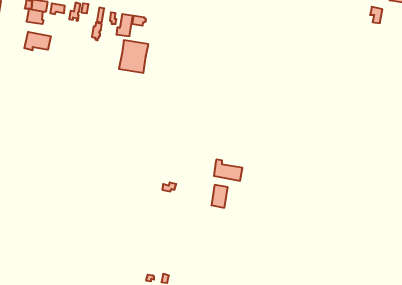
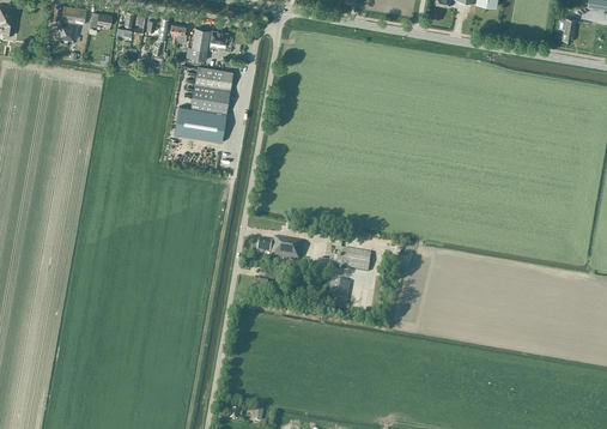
building: [24,32,51,50] -> none
building: none -> [175,105,226,140]
building: none -> [257,236,302,260]

